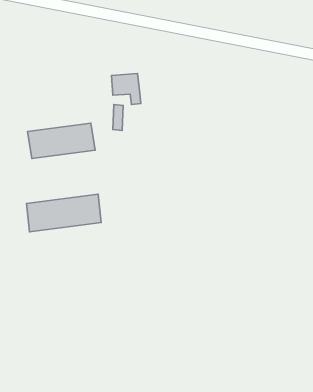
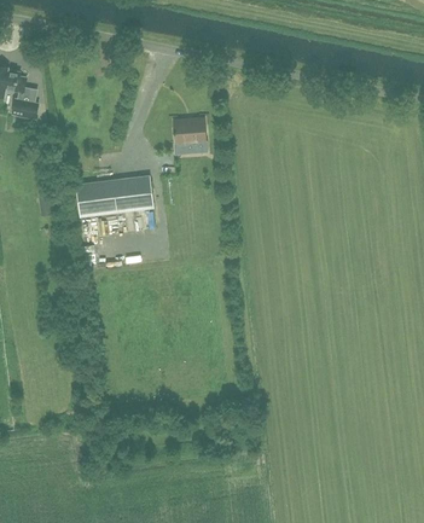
building: [27,194,101,232] -> none

